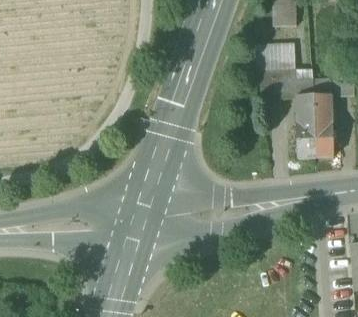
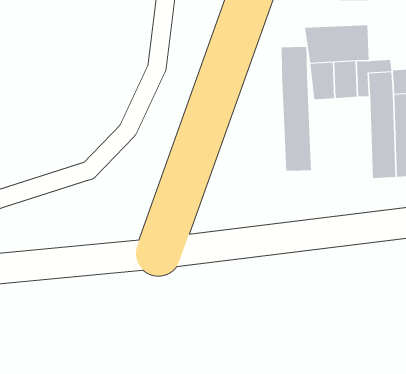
building: none -> [281,46,311,171]

